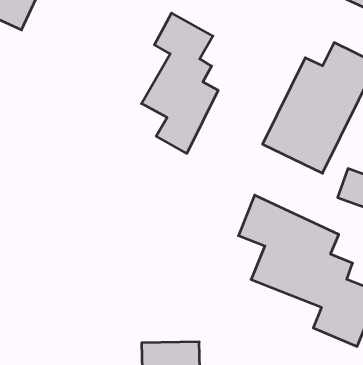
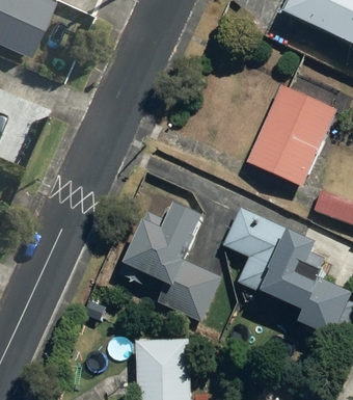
building: [141,13,218,153] -> none
building: none -> [116,201,226,321]

